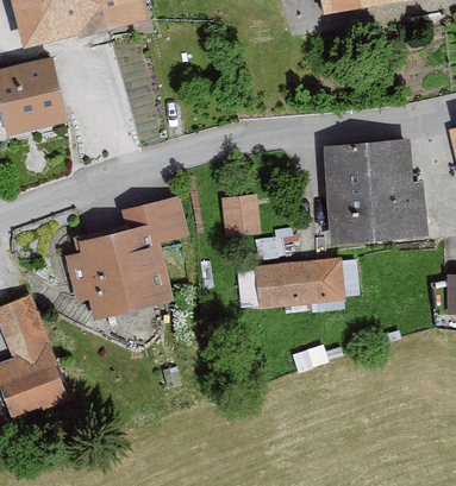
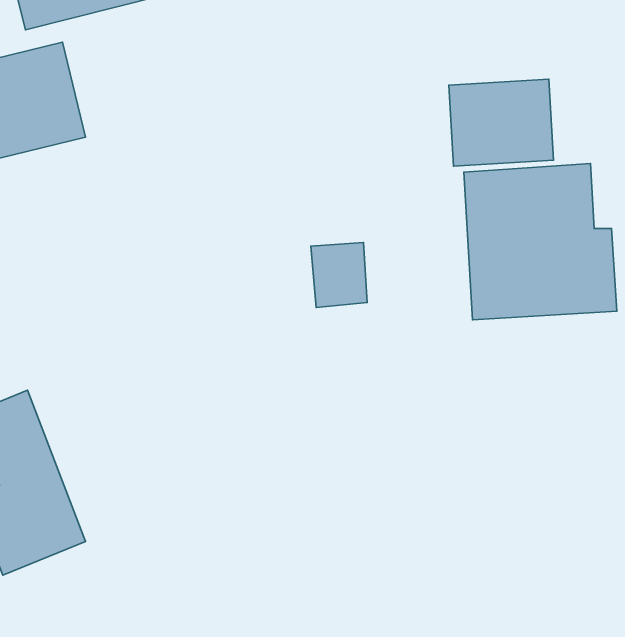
building: none -> [449,79,553,166]
building: [64,197,185,320] -> none
building: [254,258,342,309] -> none

